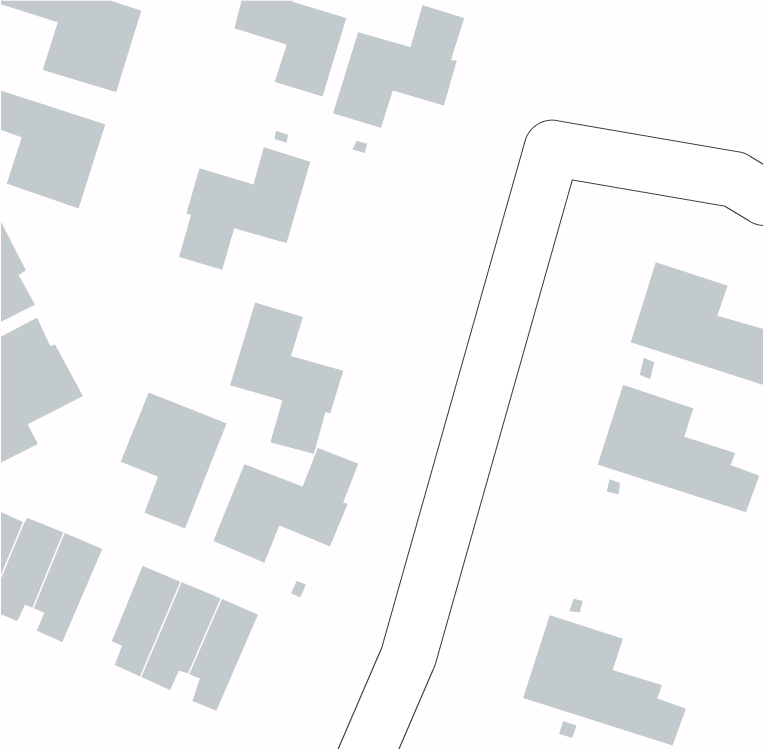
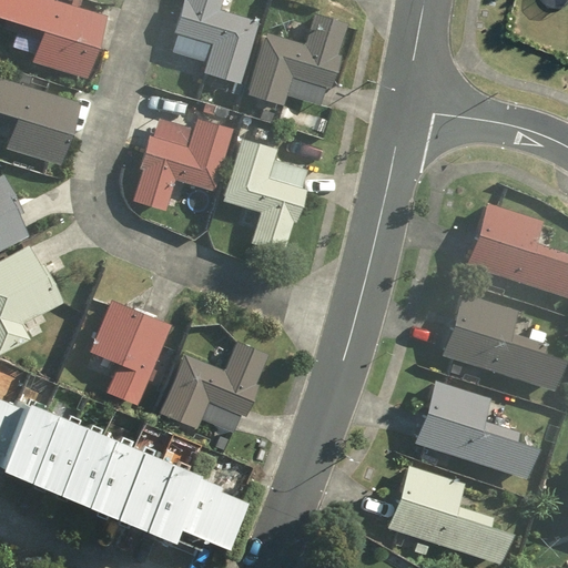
building: [229,302,344,454] -> [222,140,307,253]
building: none -> [416,382,537,480]
building: none -> [48,418,106,497]
building: none -> [162,467,244,554]

